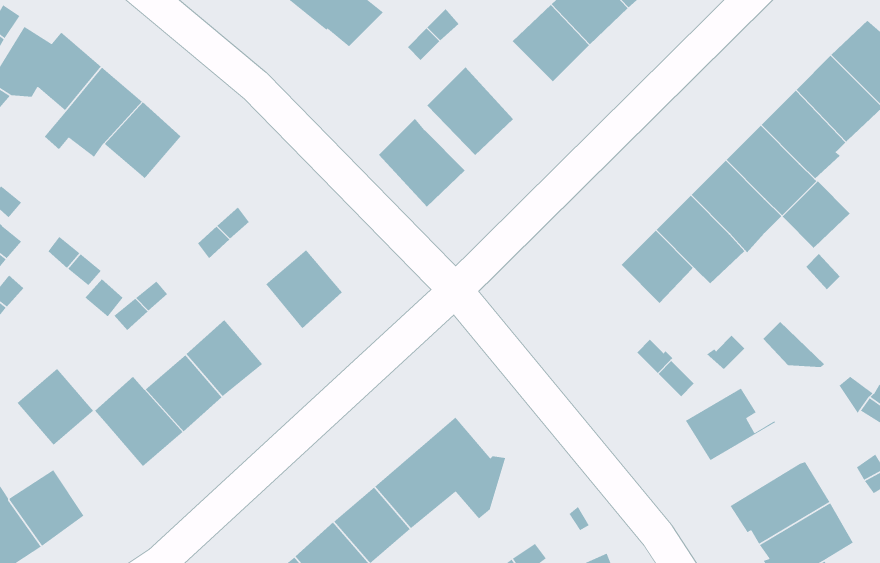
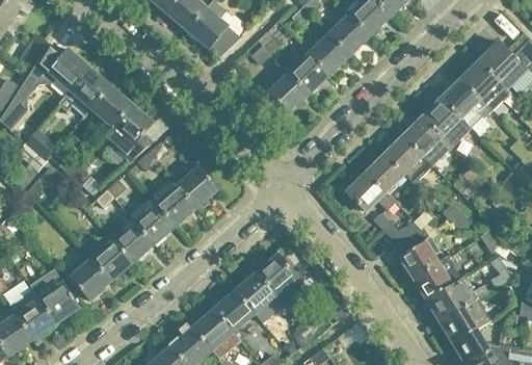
building: [378,118,466,207] -> [283,47,329,95]
building: none -> [104,104,154,159]
building: [782,181,851,249] -> none
building: none -> [346,173,396,213]
building: none -> [151,178,195,226]
building: [17,368,94,446] -> [69,258,110,299]
building: none -> [414,257,461,299]

